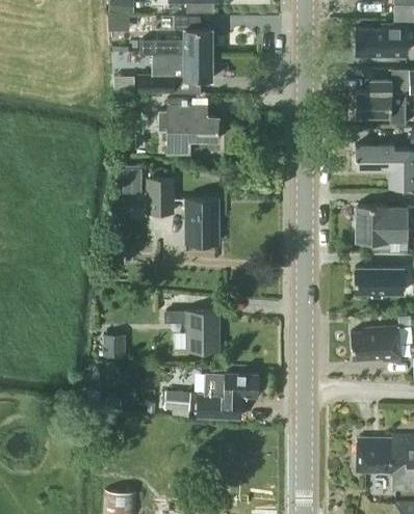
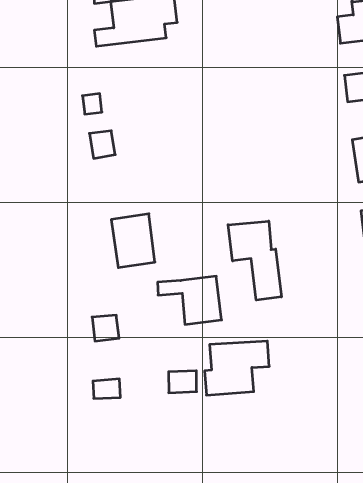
building: [160,99,218,155] -> none
building: [146,178,175,214] -> none
building: [184,198,218,243] -> [111,214,155,268]
building: none -> [228,221,281,300]

